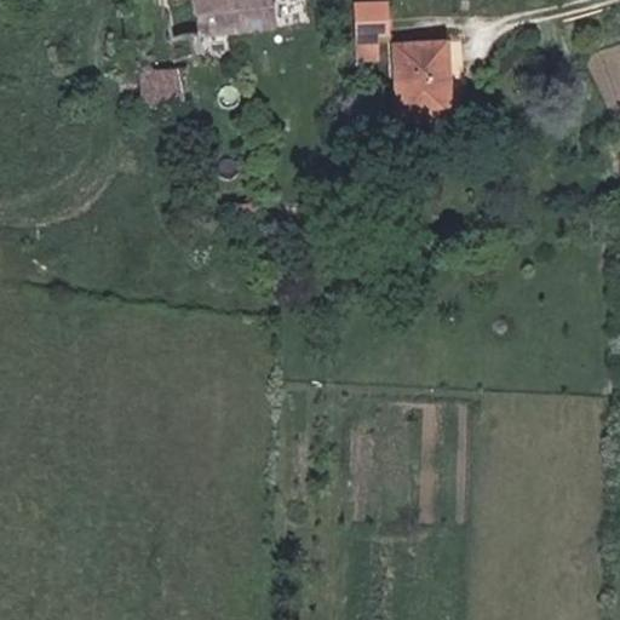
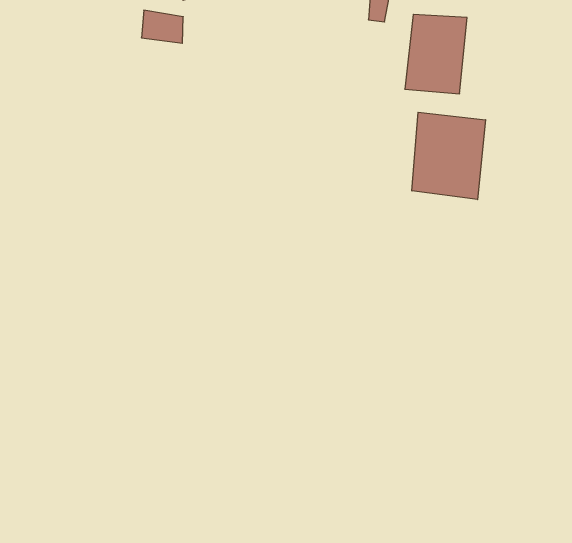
building: none -> [412,112,486,200]

